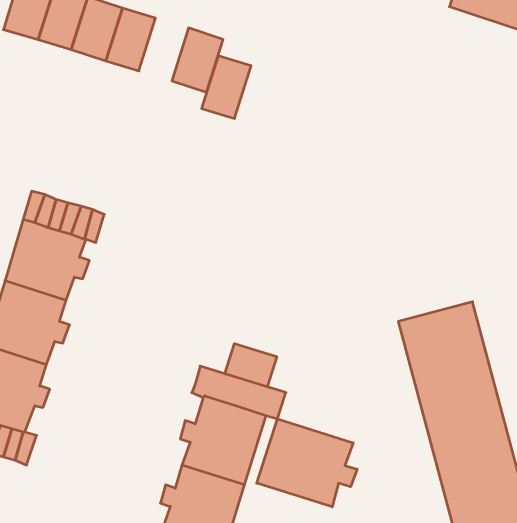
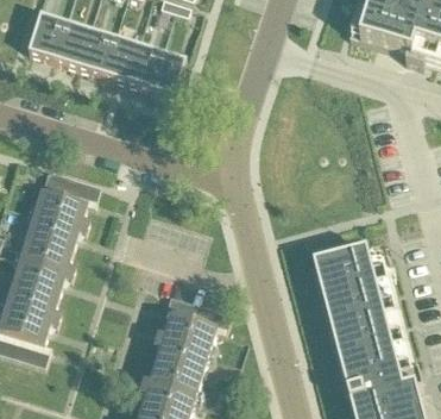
building: [202,56,251,118] -> [125,42,160,87]
building: [225,344,277,387] -> none
building: [257,419,357,507] -> none

